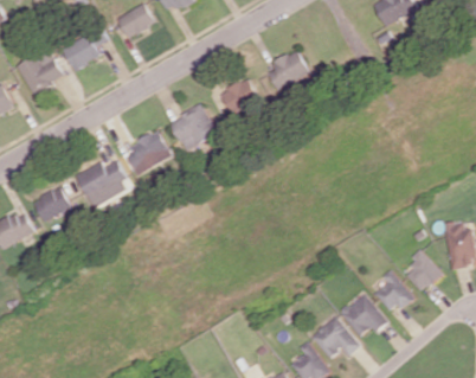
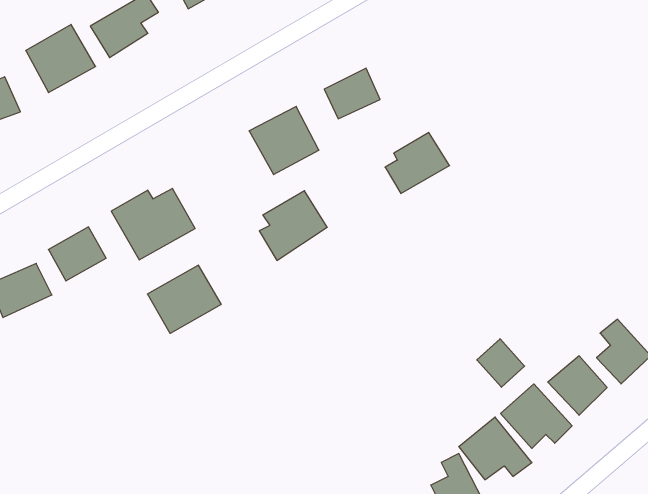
building: [266,49,310,90] -> [385,132,450,193]
building: [127,129,173,177] -> [259,191,327,260]
building: none -> [147,265,221,333]
building: none -> [477,339,525,387]

